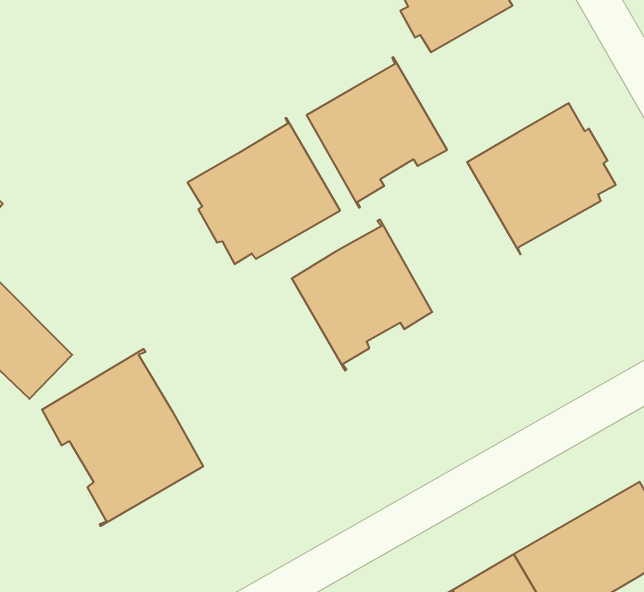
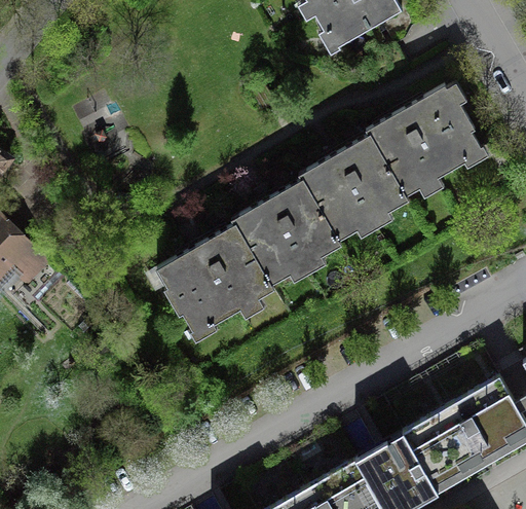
building: [307,57,447,207] -> [300,132,408,247]
building: [188,118,340,264] -> [156,221,273,333]
building: [42,349,203,526] -> none

